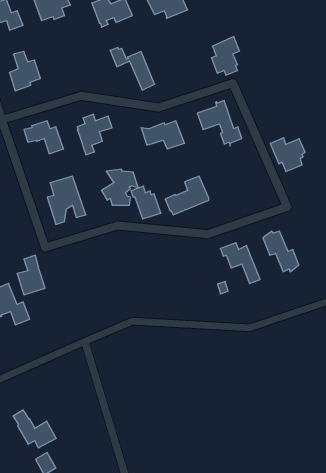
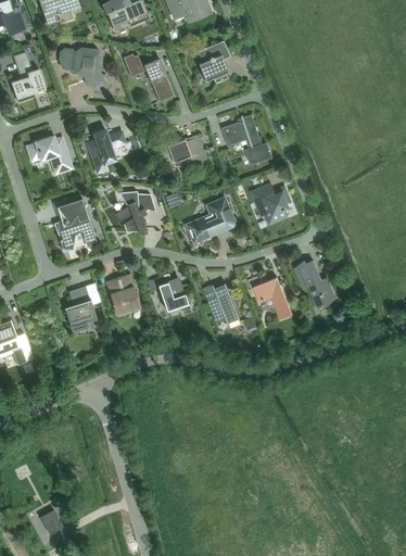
building: [211,37,240,75] -> [199,40,230,84]
building: none -> [60,48,111,91]
building: [270,138,305,172] -> [252,186,291,224]
building: [131,186,161,219] -> [154,274,188,311]
building: none -> [105,274,140,314]
building: none -> [205,283,241,324]
building: [17,255,45,295] -> [65,287,97,331]
building: [13,410,56,448] -> none

